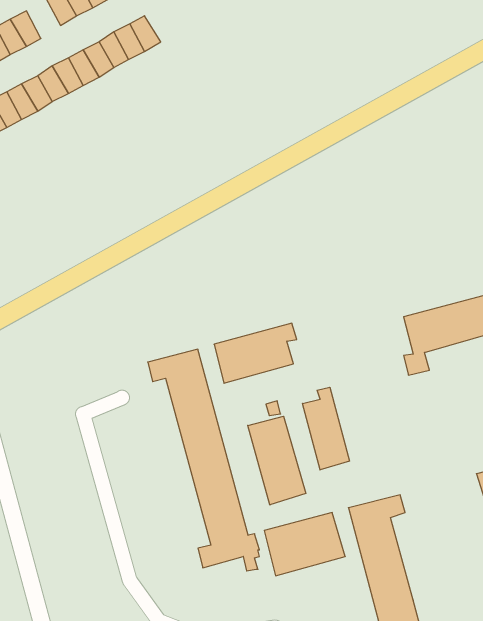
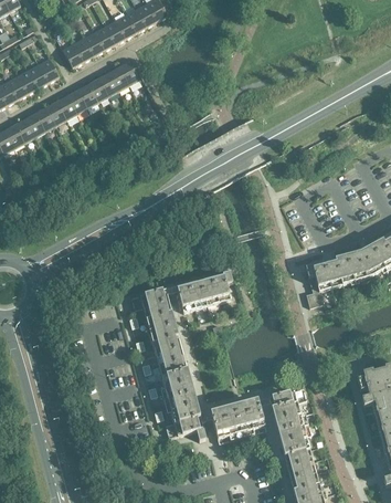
building: [303,387,350,470] -> none
building: [248,416,306,505] -> none

